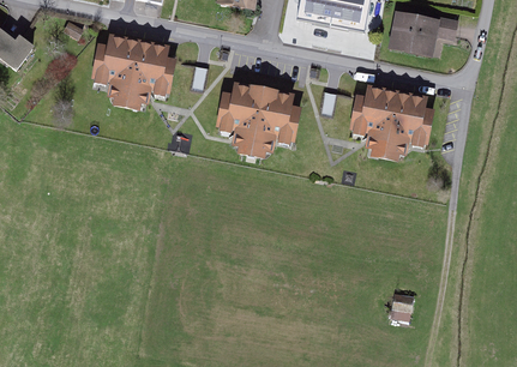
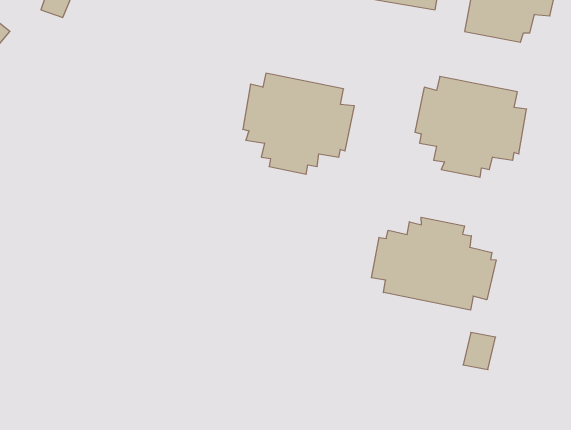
building: [90,32,178,110] -> none
building: none -> [371,217,496,310]

